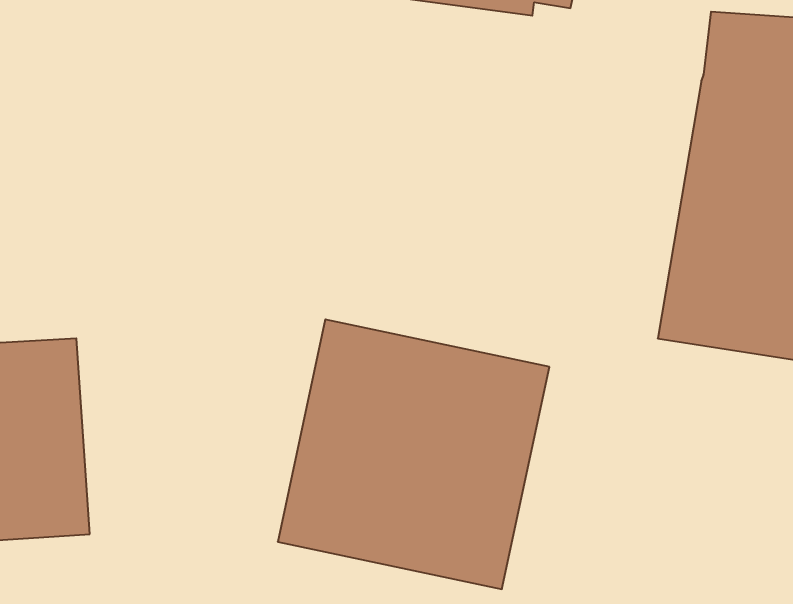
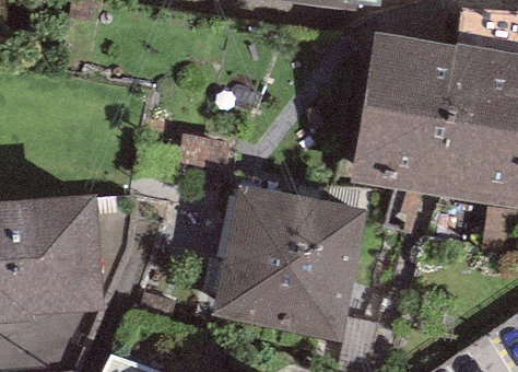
building: none -> [349,32,455,197]

